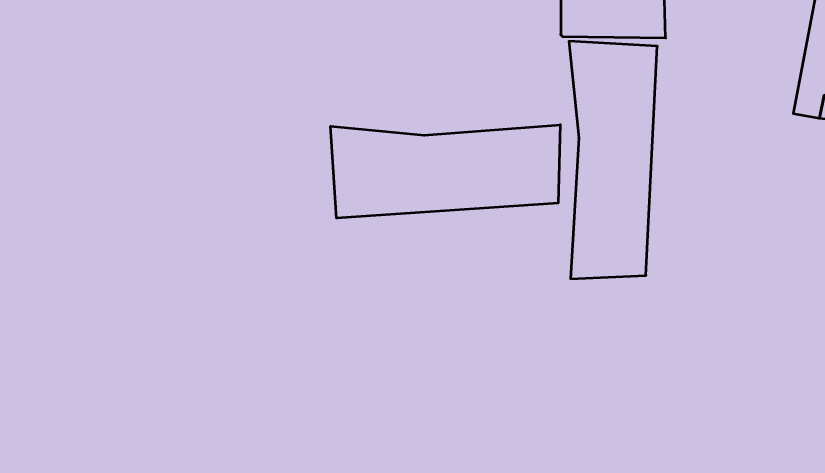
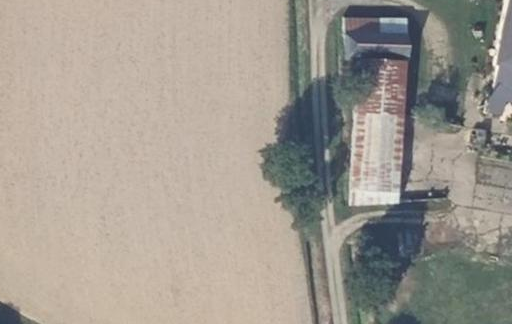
building: [331,125,560,218] -> none

